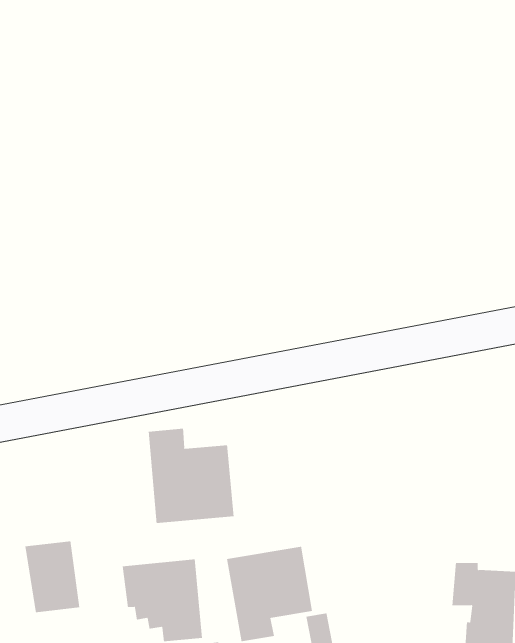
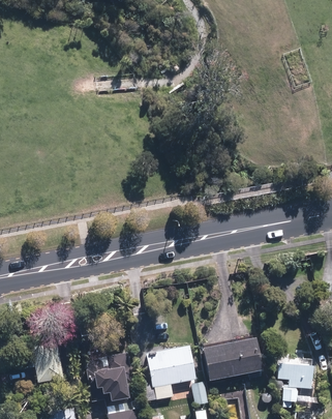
building: [148,428,234,524] -> none
building: none -> [201,335,261,380]

